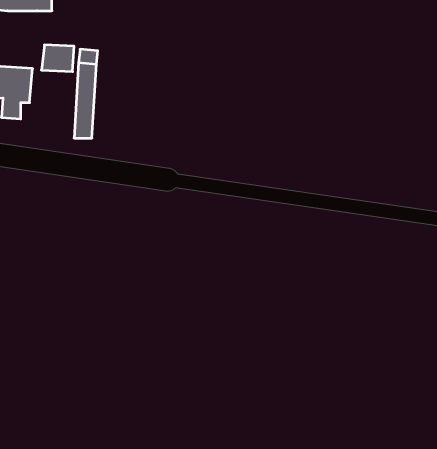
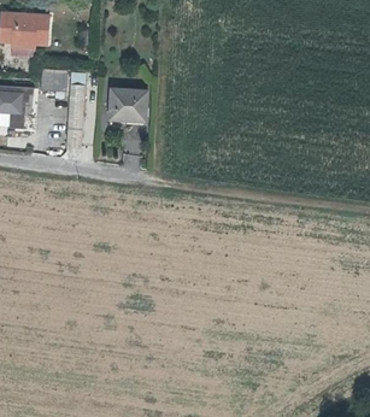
building: none -> [110,90,147,121]

